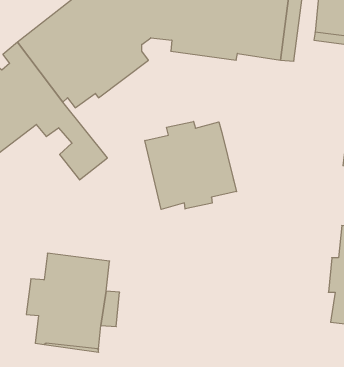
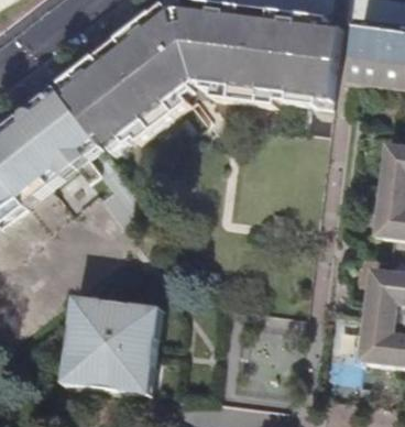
building: [145,121,237,209] -> none

